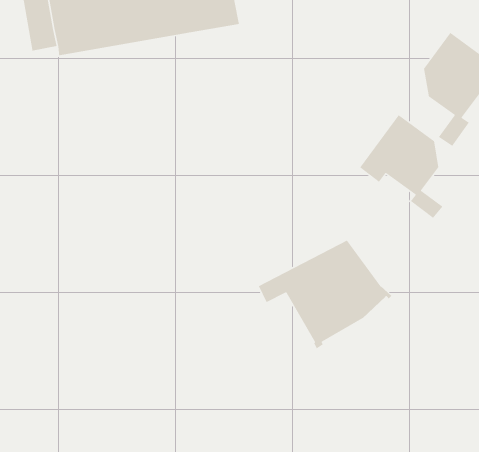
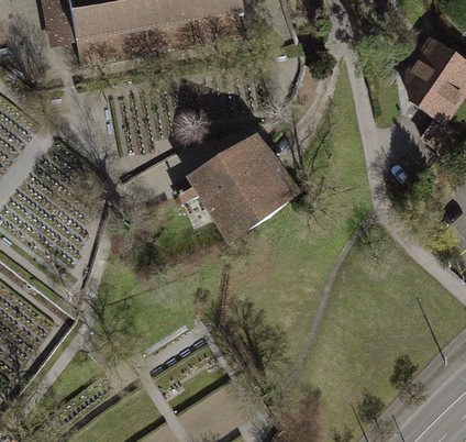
building: [359,114,443,219] -> none
building: [258,239,392,350] -> [177,140,298,239]

